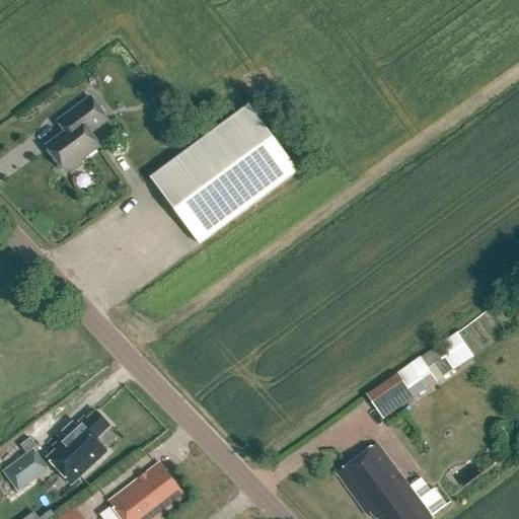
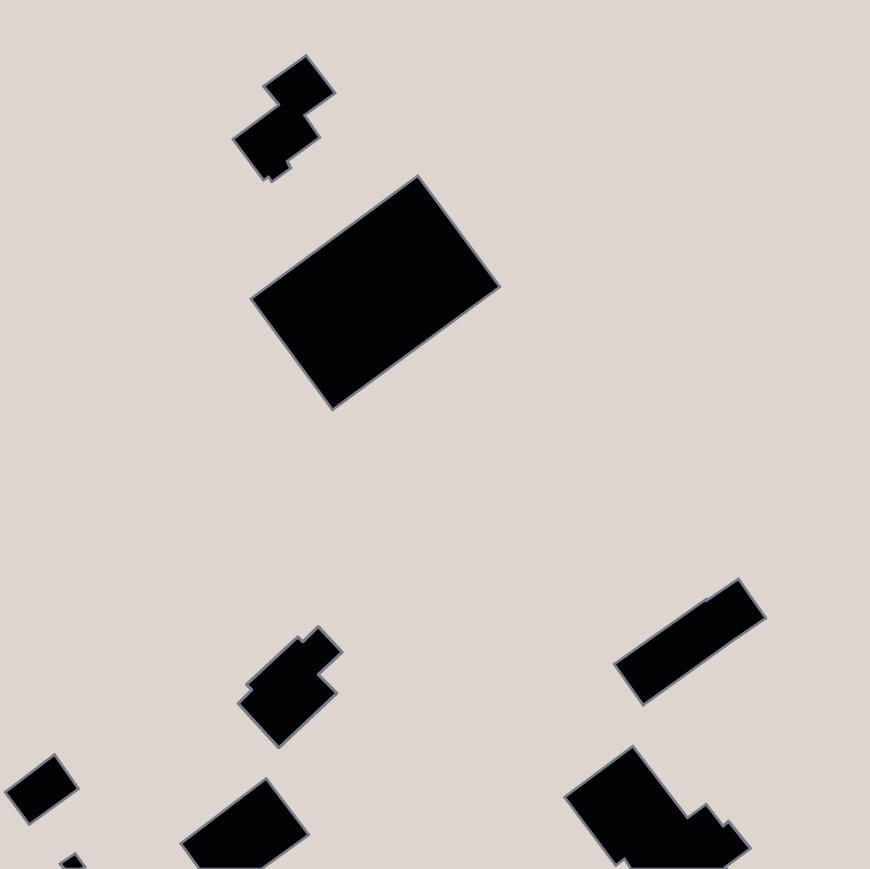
building: [46,96,106,171] -> [233,55,335,182]
building: [48,411,109,483] -> [238,627,342,748]

